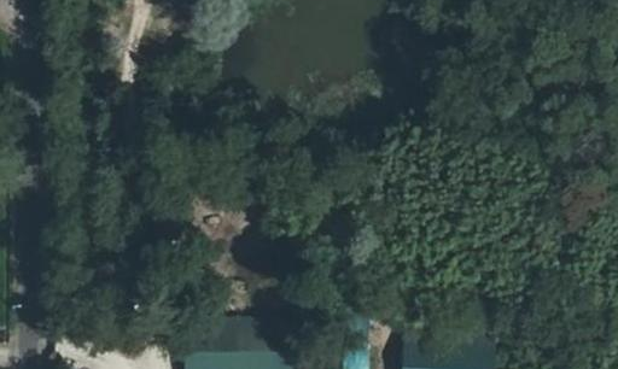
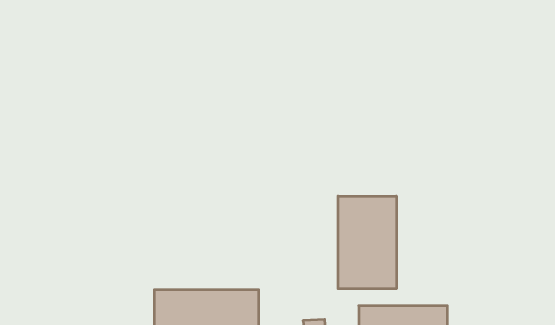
building: none -> [338,196,396,289]

